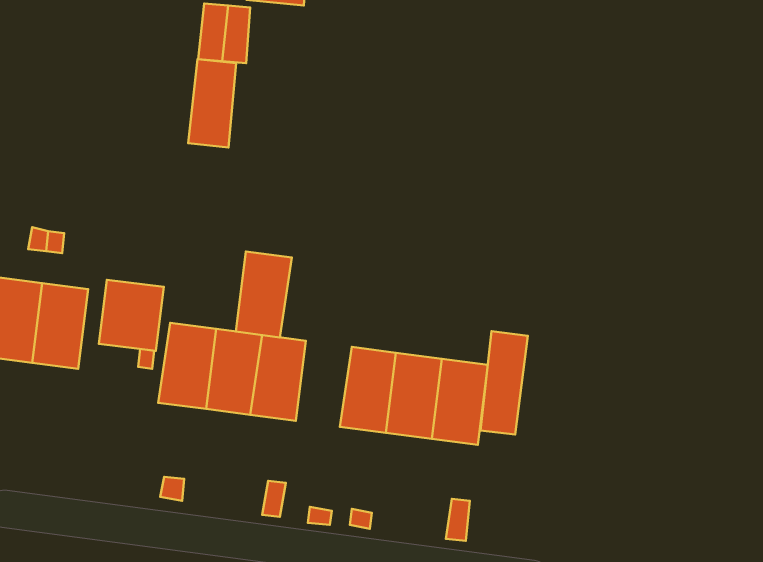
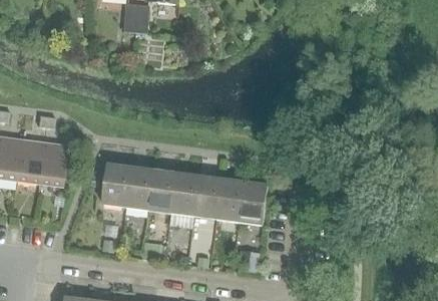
building: [188,59,236,147] -> none
building: [236,251,292,337] -> [172,173,200,216]
building: [99,280,164,351] -> none
building: [480,331,528,434] -> none

